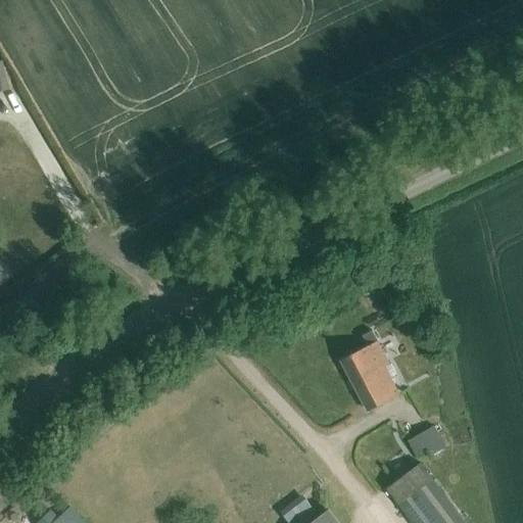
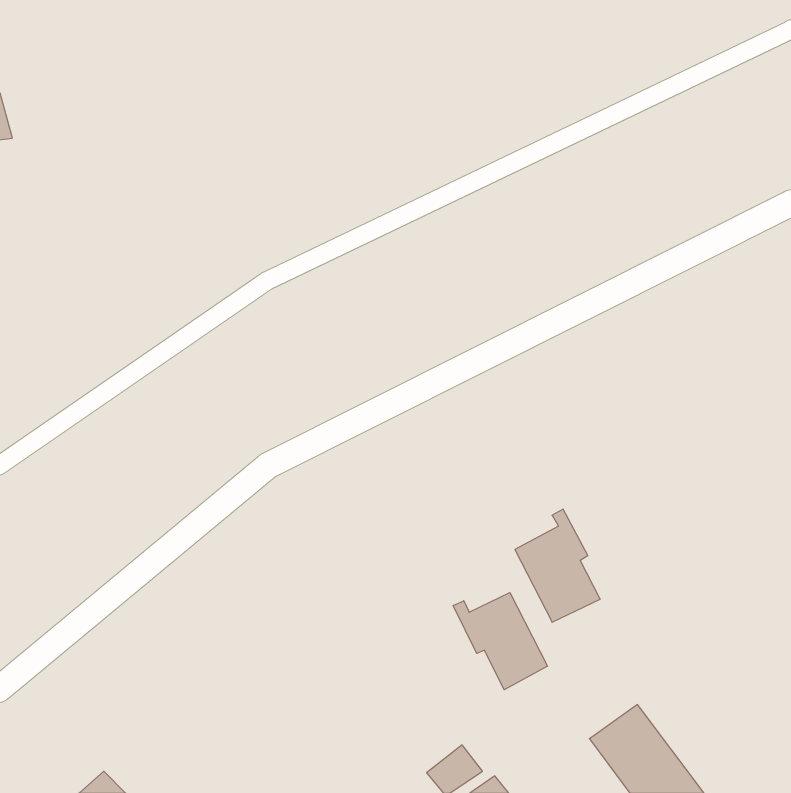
building: none -> [453,593,547,690]
building: [414,425,446,455] -> none

